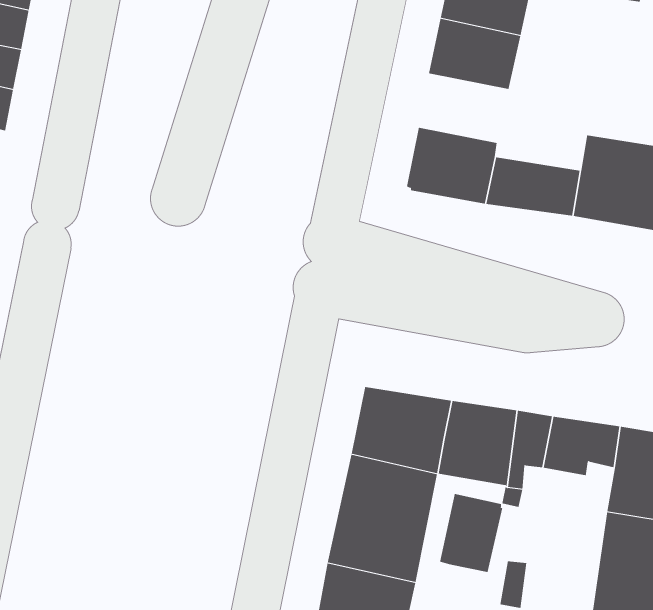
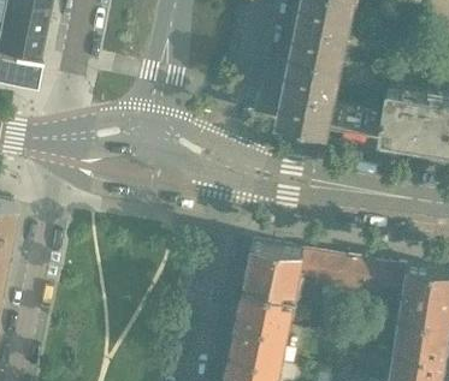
building: none -> [284,54,339,96]
building: [440,493,503,573] -> none

